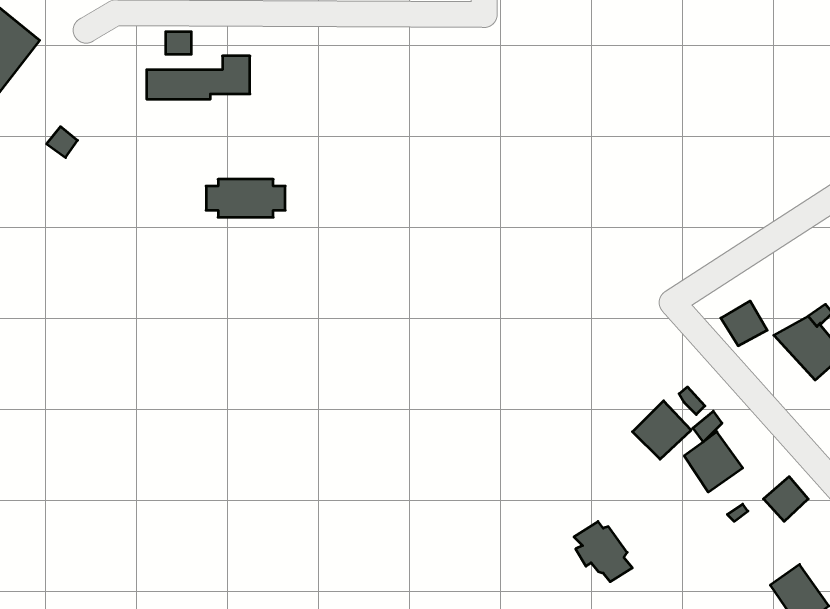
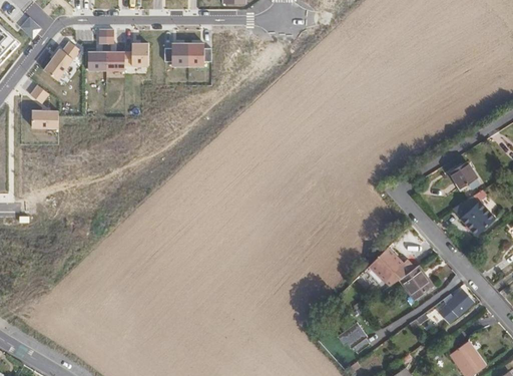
building: none -> [43,42,80,80]
building: none -> [31,110,57,128]
building: [206,179,285,217] -> [164,44,210,66]
building: [721,301,767,346] -> [448,161,475,187]

